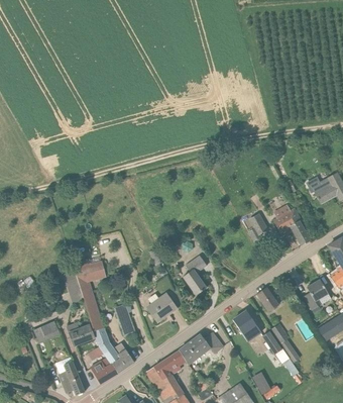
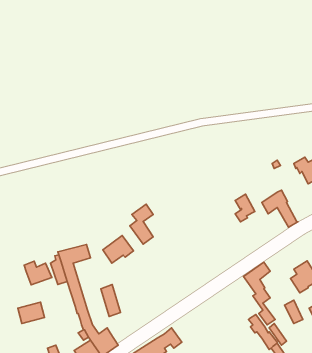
building: [183,256,206,295] -> [130,204,153,244]
building: [146,293,177,320] -> [103,236,134,263]
building: [233,311,260,340] -> none
building: [67,322,94,345] -> [24,261,52,285]
building: [186,332,223,359] -> none

